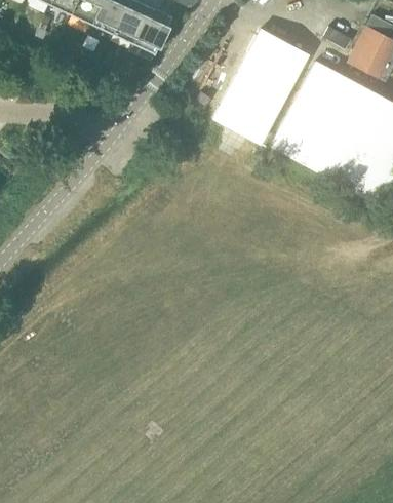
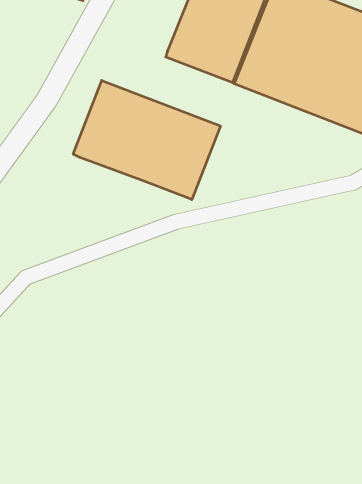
building: none -> [73,80,220,200]

